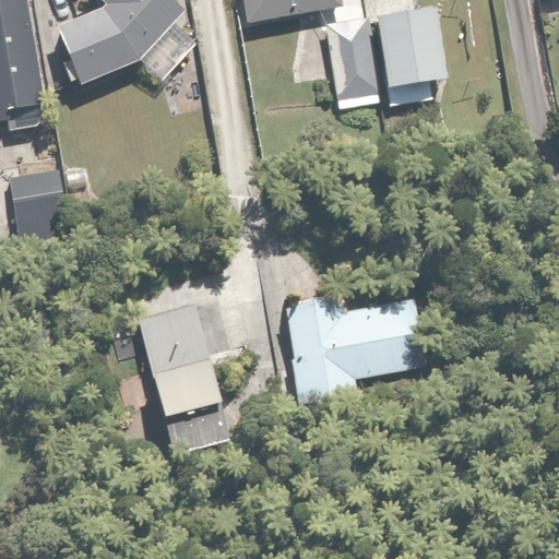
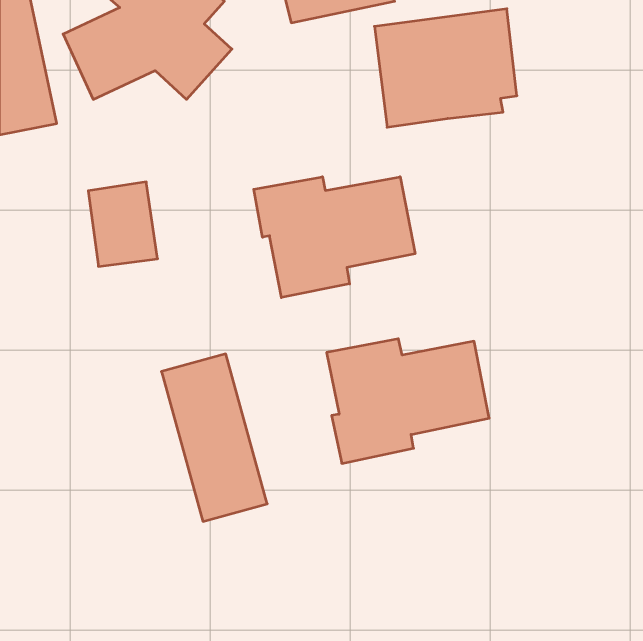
building: none -> [254,177,415,298]
building: [7,168,67,241] -> [88,182,158,266]

